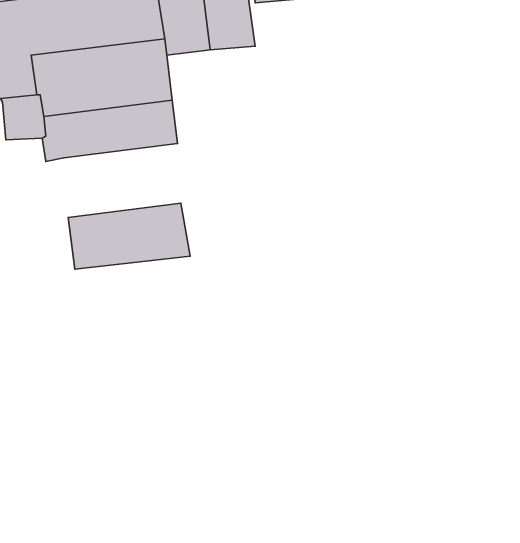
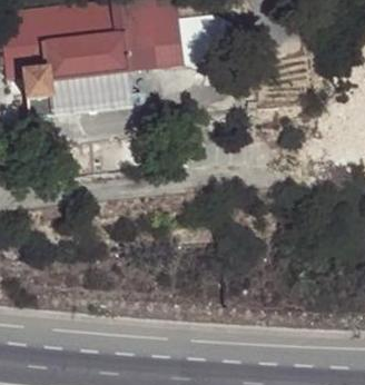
building: none -> [126,41,185,75]
building: [68,203,190,269] -> none

